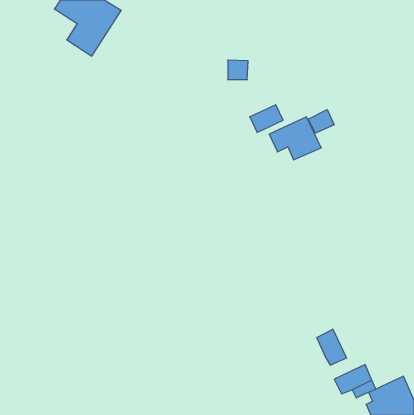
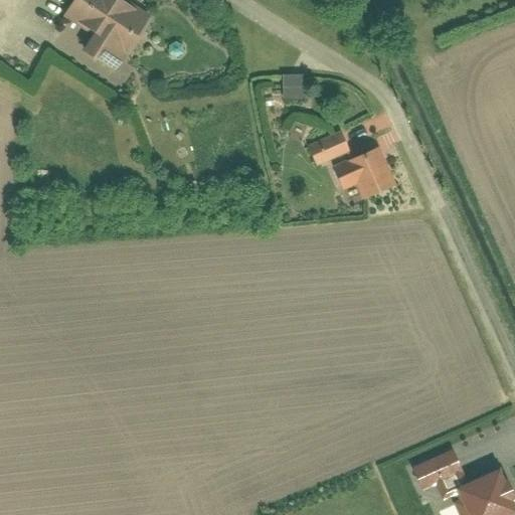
building: [308,110,334,133] -> none
building: [317,329,347,365] -> none

